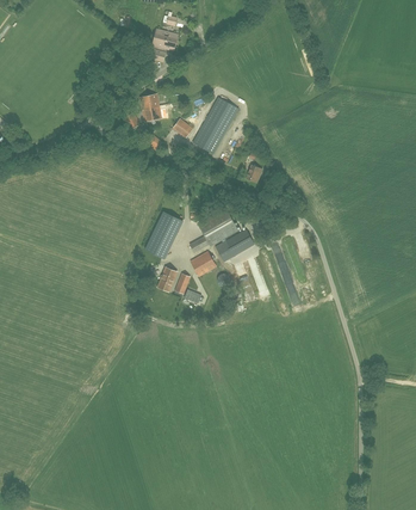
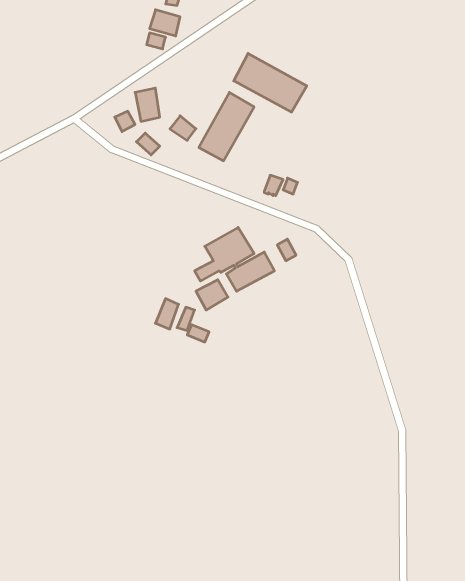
building: none -> [234,53,307,112]
building: [144,210,181,258] -> none

